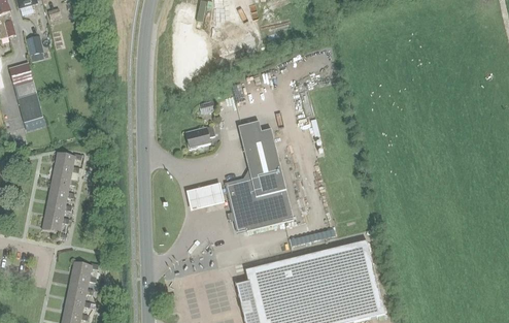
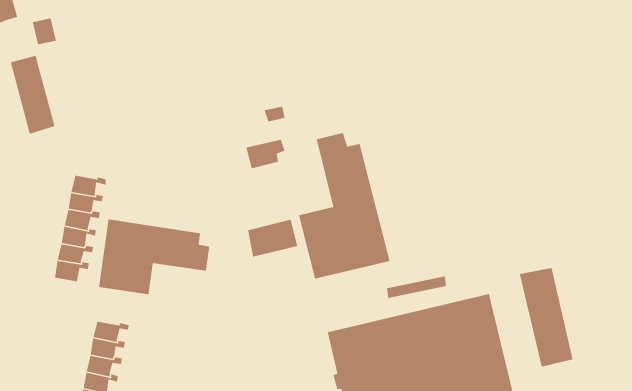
building: none -> [98,218,210,295]
building: none -> [519,267,574,368]

